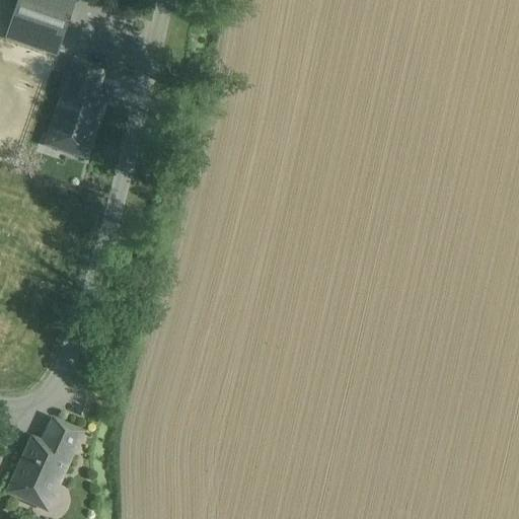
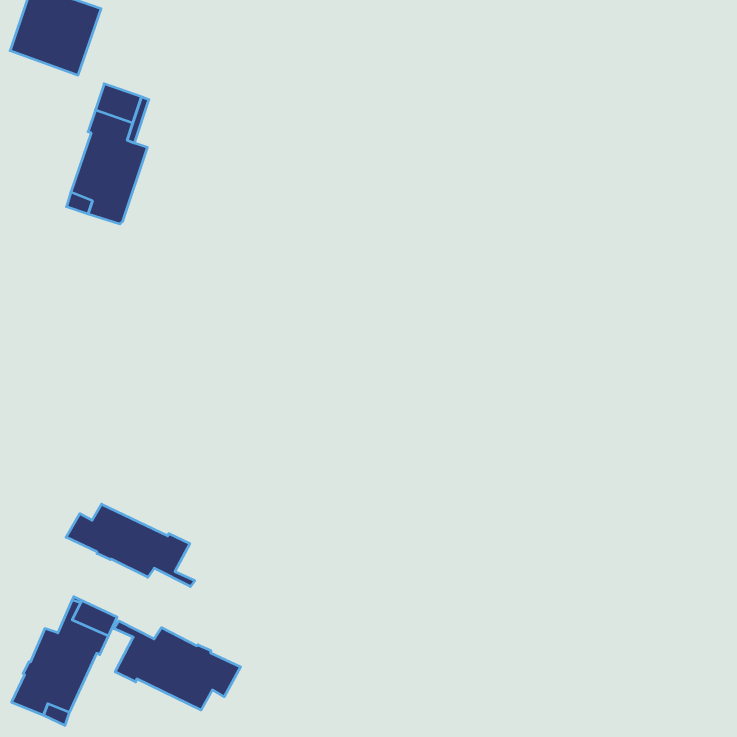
building: none -> [66,504,195,587]
building: none -> [114,621,241,710]

